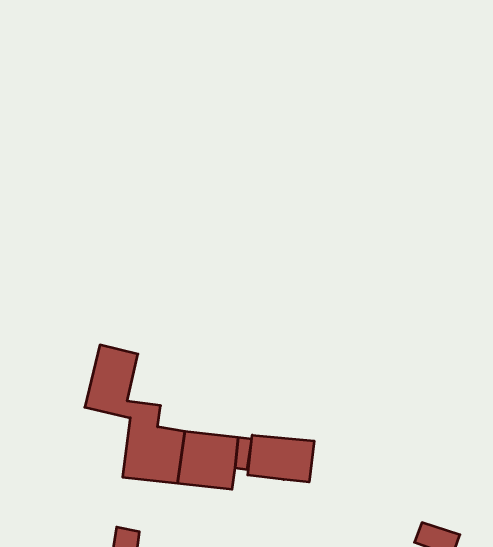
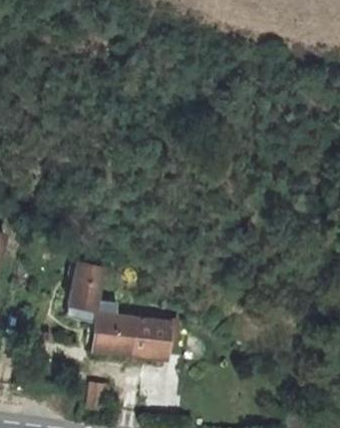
building: [248,435,314,482] -> none

